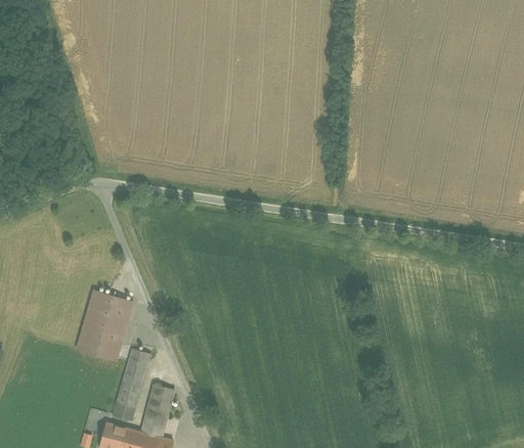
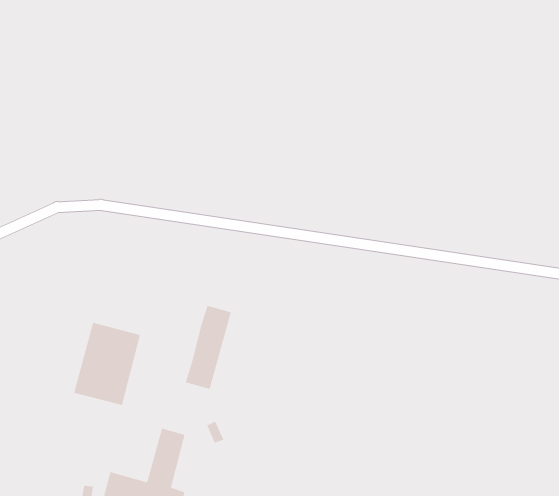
building: [110,349,151,424] -> [185,305,232,390]

